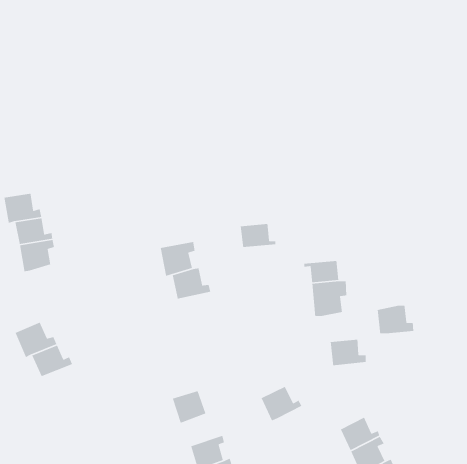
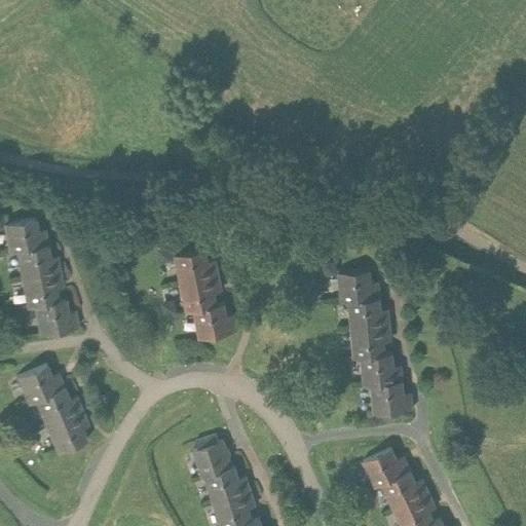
building: none -> [175,251,218,281]
building: [240,223,276,248] -> [338,271,379,299]
building: none -> [34,300,78,336]
building: [377,305,414,334] -> [361,354,403,387]
building: none -> [46,413,86,454]
building: [261,386,303,422] -> [363,449,410,489]
building: none -> [205,467,251,504]

